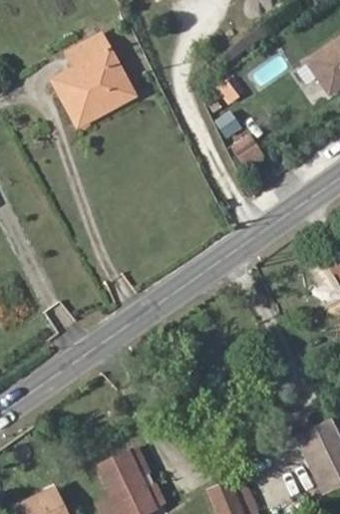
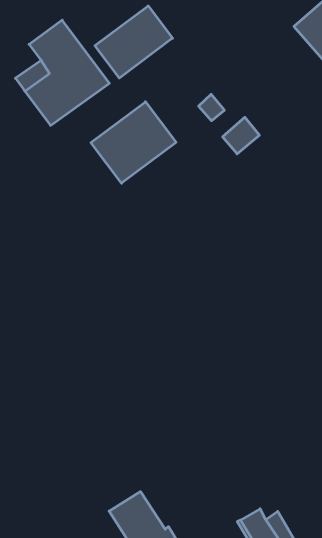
building: none -> [95,6,173,78]
building: none -> [91,102,176,183]

